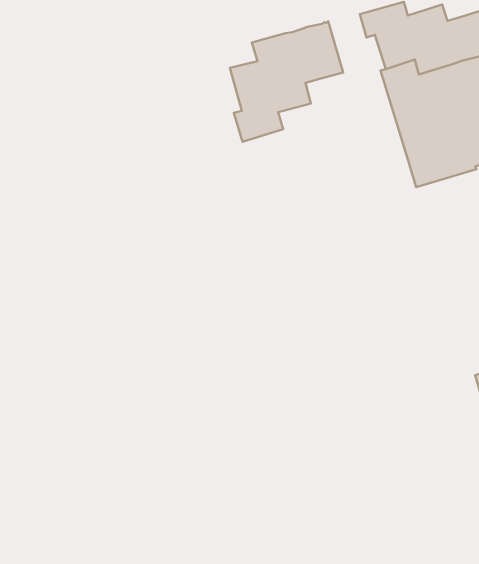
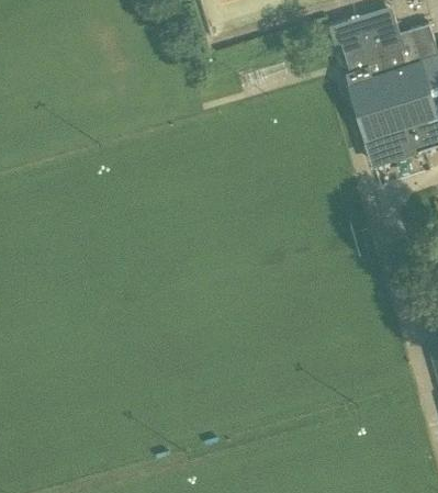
building: [230,21,343,142] -> none

